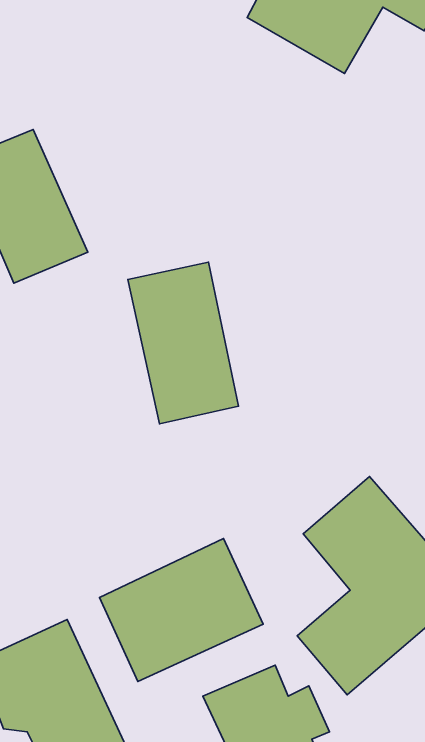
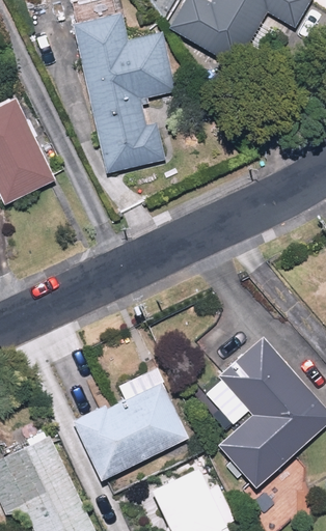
building: none -> [72,17,175,168]
building: [128,262,238,424] -> none

